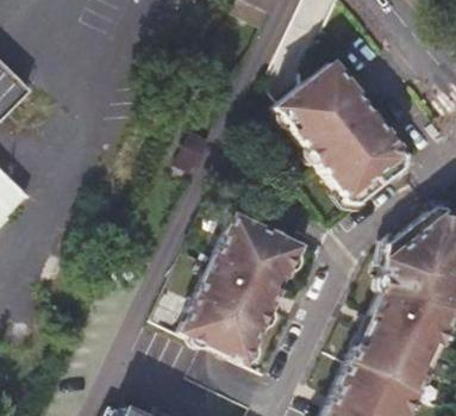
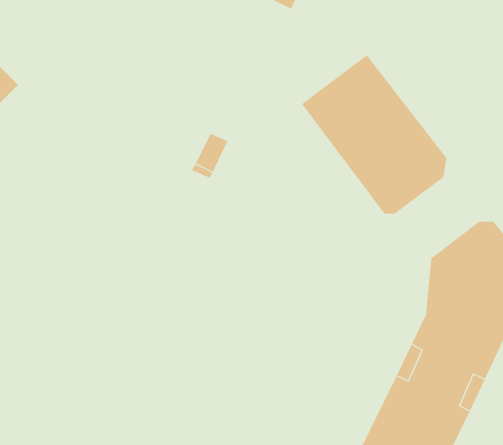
building: [183,217,302,364] -> none

